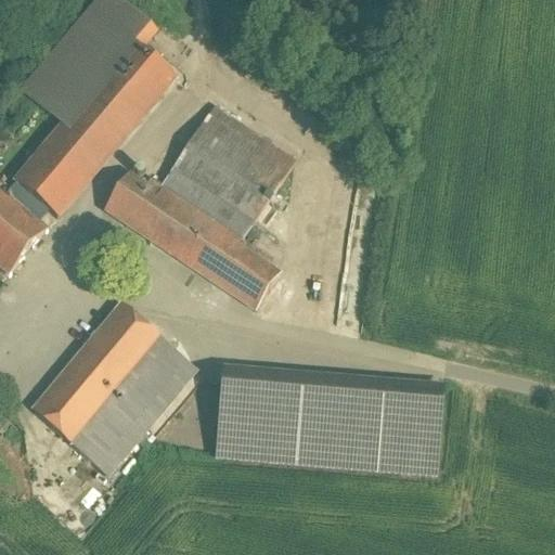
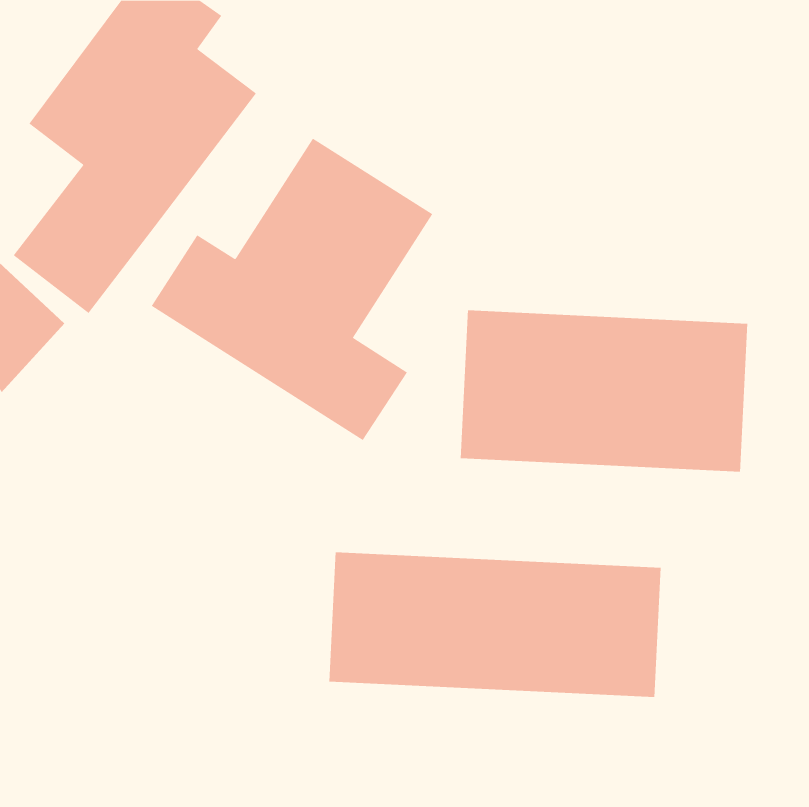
building: none -> [460,309,748,472]
building: [29,306,207,487] -> none

